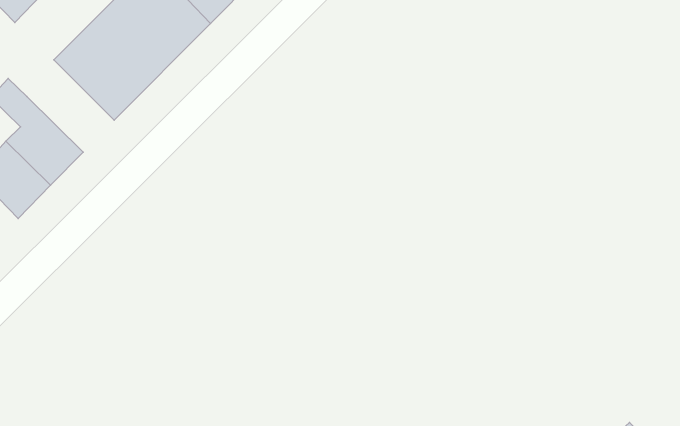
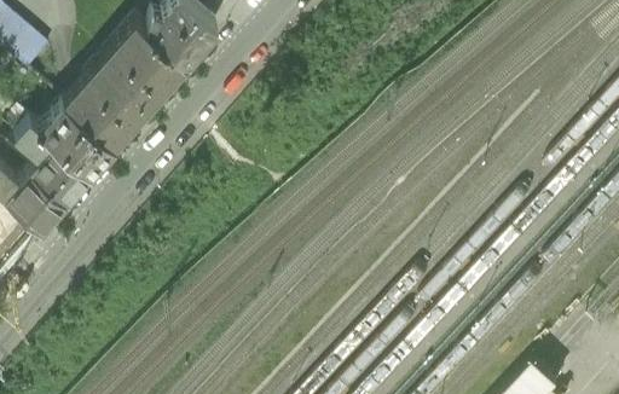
building: none -> [44,102,114,173]

